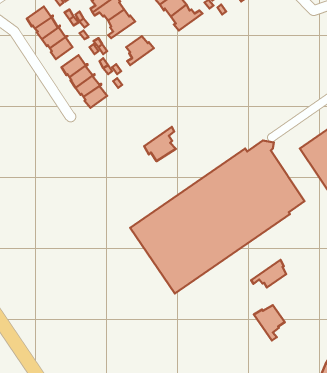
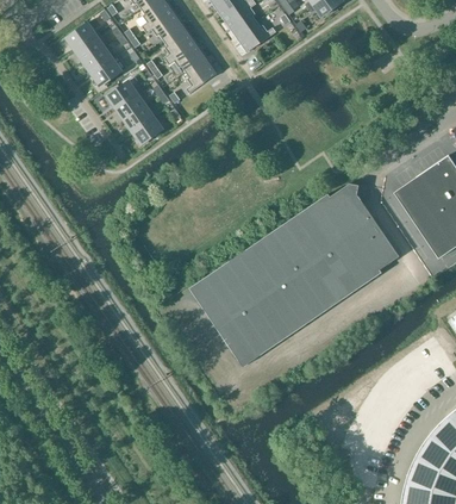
building: none -> [167,41,204,71]
building: [144,127,176,161] -> none
building: [251,260,286,288] -> none
building: [254,305,285,341] -> none

